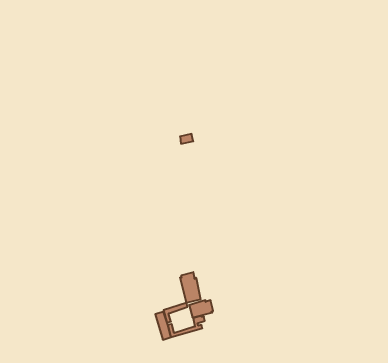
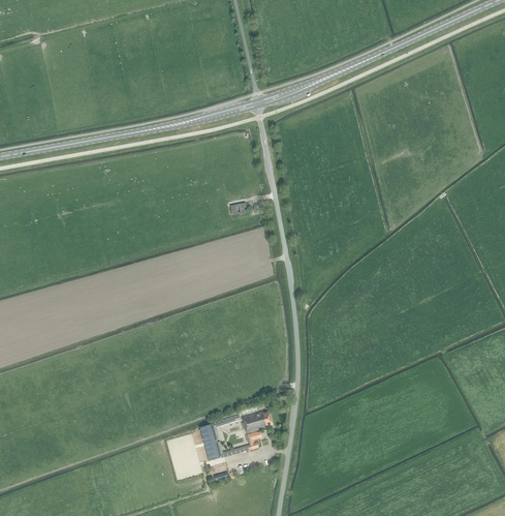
building: [180,272,201,303] -> none

